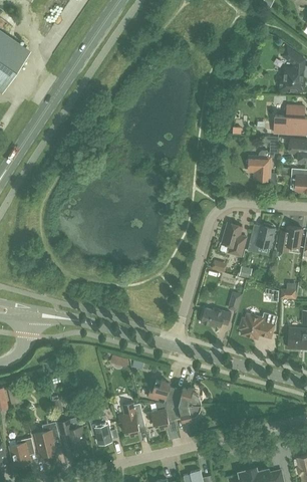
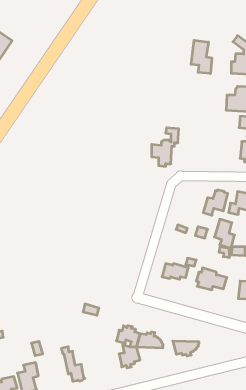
building: none -> [191,40,212,74]
building: [247,136,278,180] -> [152,128,179,166]
building: [221,222,244,255] -> [214,219,235,248]
building: [117,401,144,434] -> none
building: [171,403,201,420] -> [173,341,199,356]
building: [56,418,85,448] -> none

